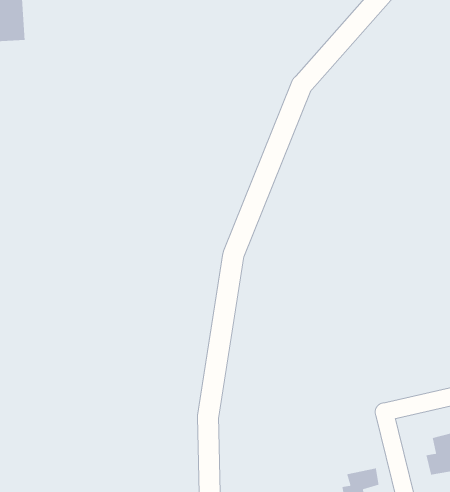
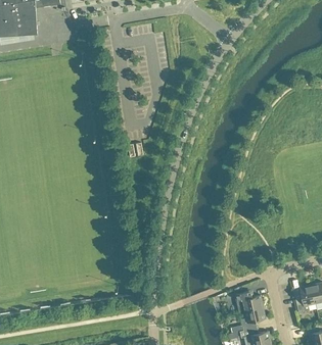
building: none -> [234,290,263,311]

